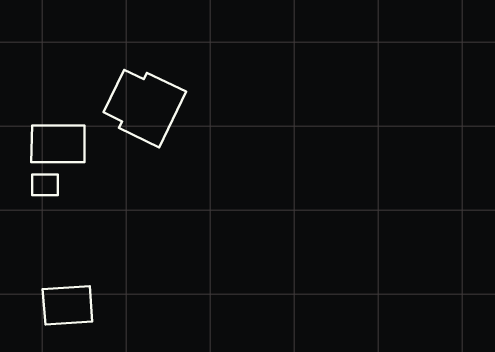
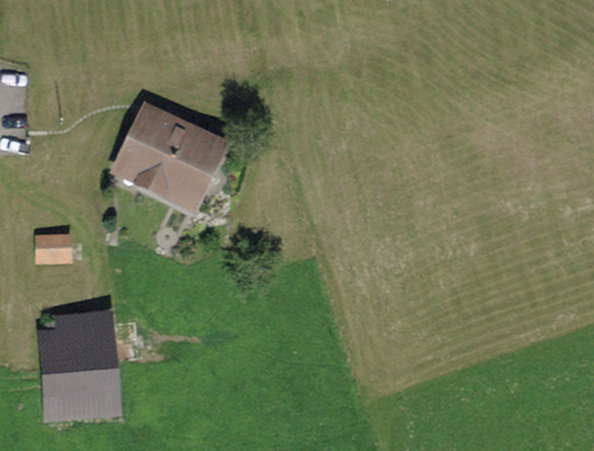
building: [31,126,85,162] -> none
building: none -> [48,312,106,370]

